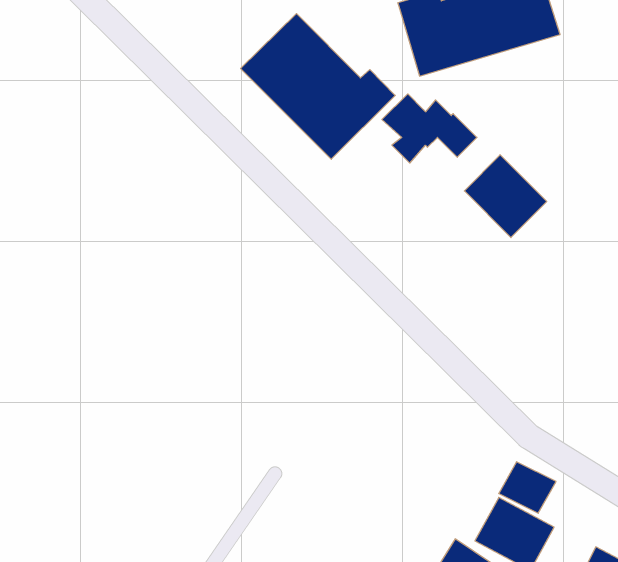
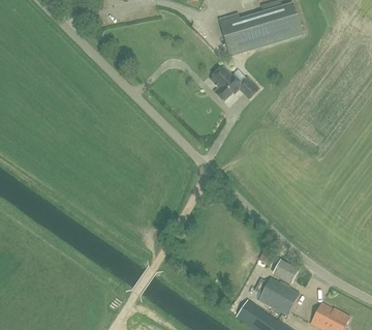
building: [241,14,395,159] -> none
building: [464,155,547,238] -> none

